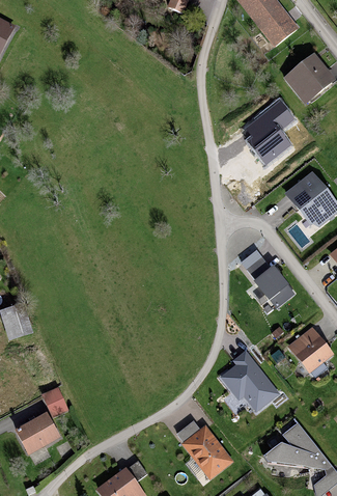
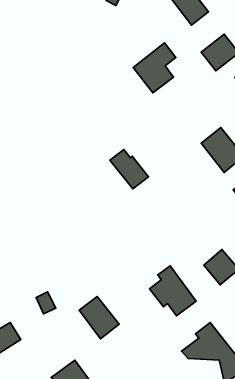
building: [241,99,294,162] -> [133,43,176,93]
building: [245,255,293,305] -> [110,150,148,189]
building: [43,391,67,419] -> [36,292,56,314]
building: [184,424,234,478] -> [79,296,119,339]

